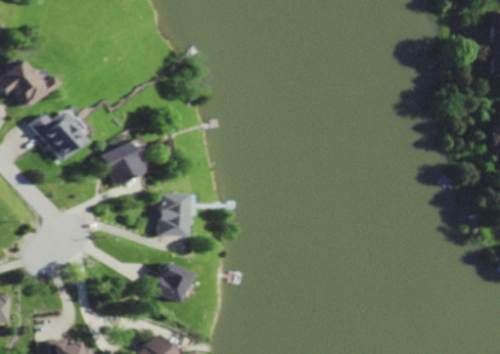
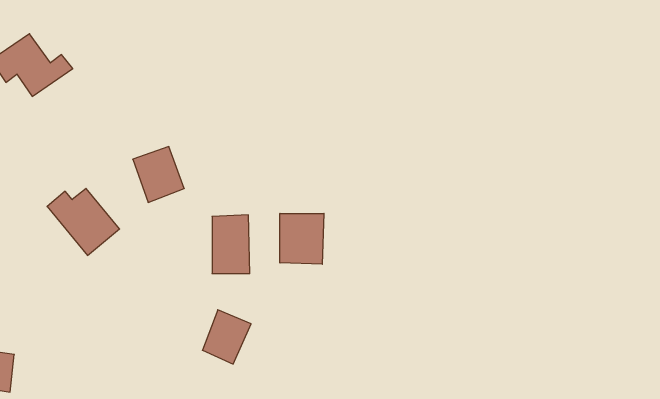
building: [36,110,89,160] -> [47,188,120,255]
building: none -> [280,213,324,264]

